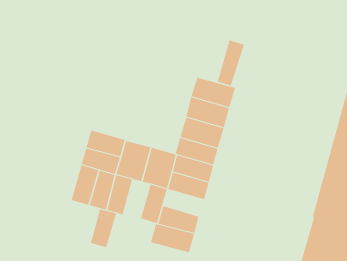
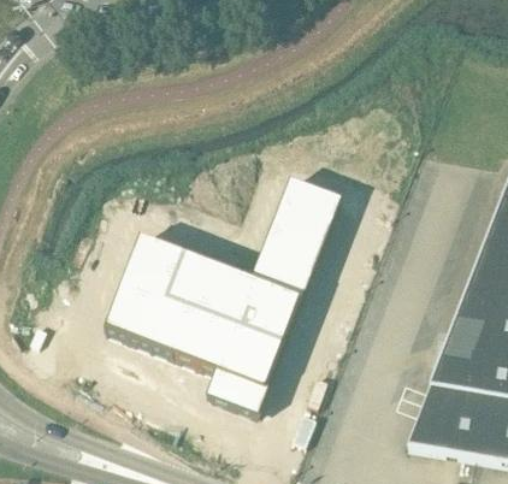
building: [217,40,245,86] -> none
building: none -> [230,321,288,362]
building: [90,208,117,248] -> [176,303,215,358]

